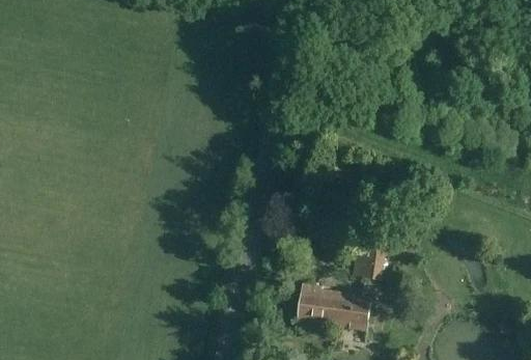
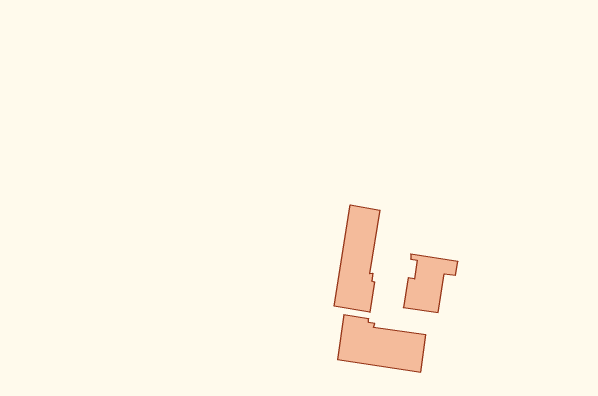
building: none -> [334,205,380,312]

